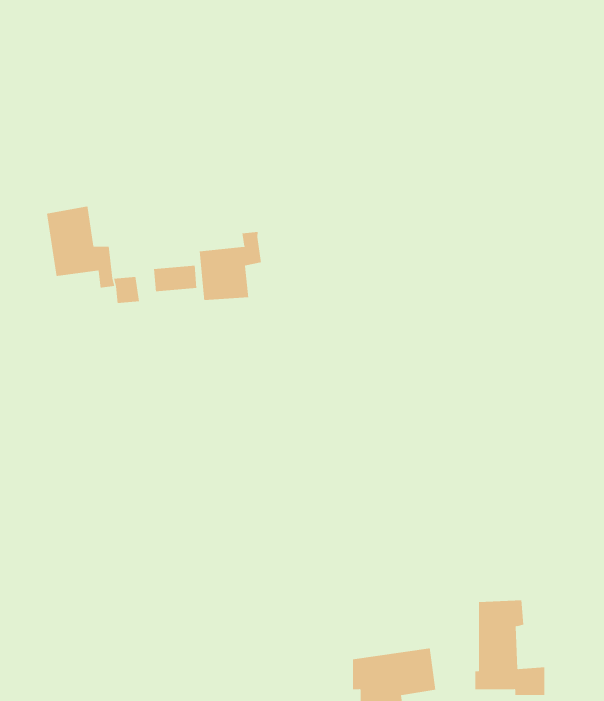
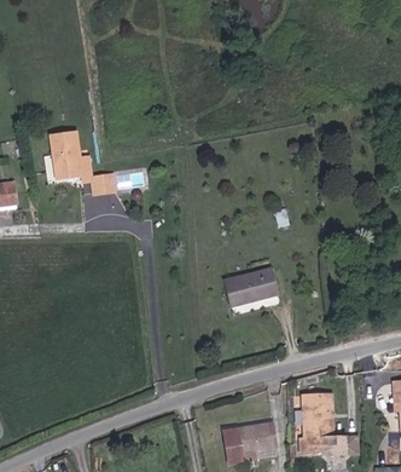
building: [199,231,261,301] -> none
building: none -> [215,274,265,311]

